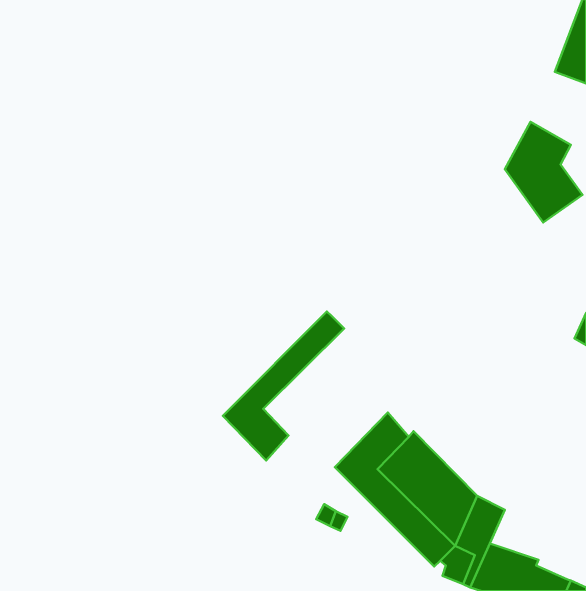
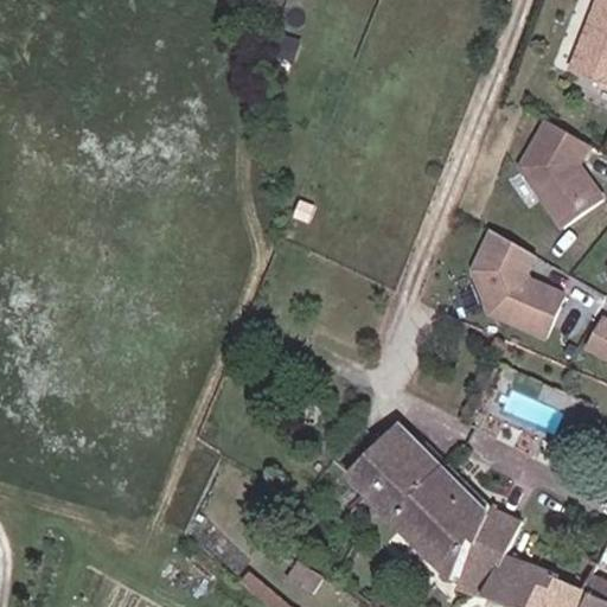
building: none -> [468,225,577,340]
building: [223,312,344,460] -> none

